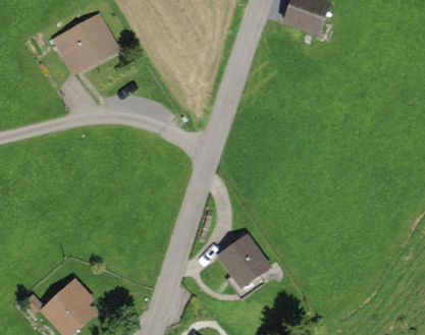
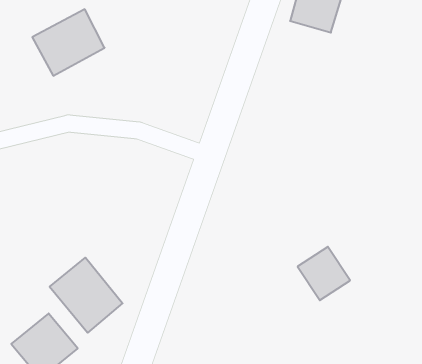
building: none -> [50,258,123,333]
building: [224,238,270,285] -> [298,247,350,300]

